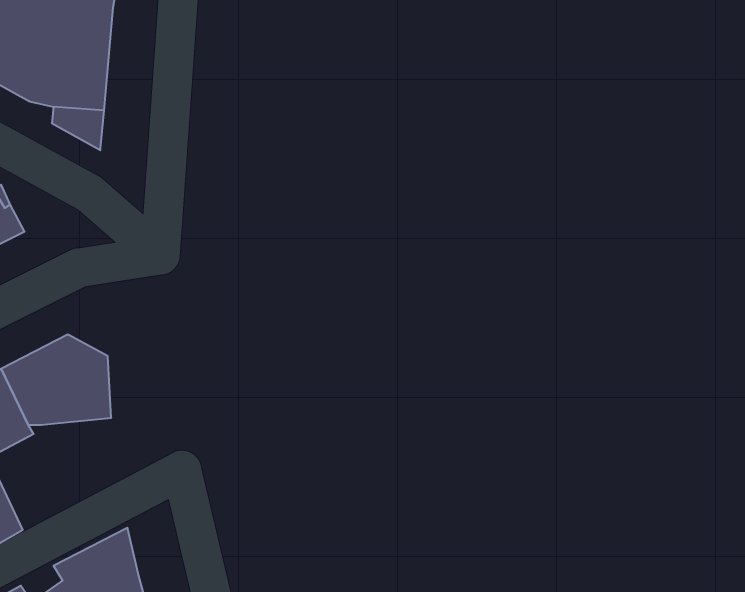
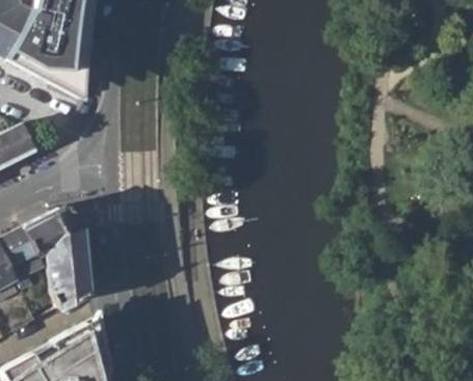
building: none -> [43,255,87,307]

